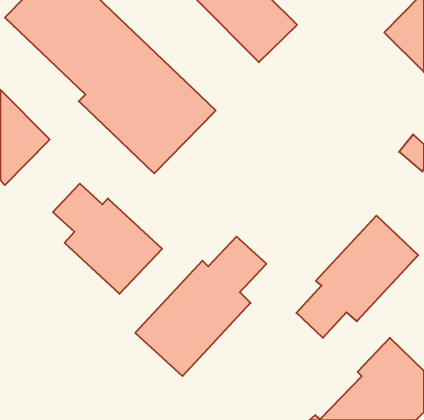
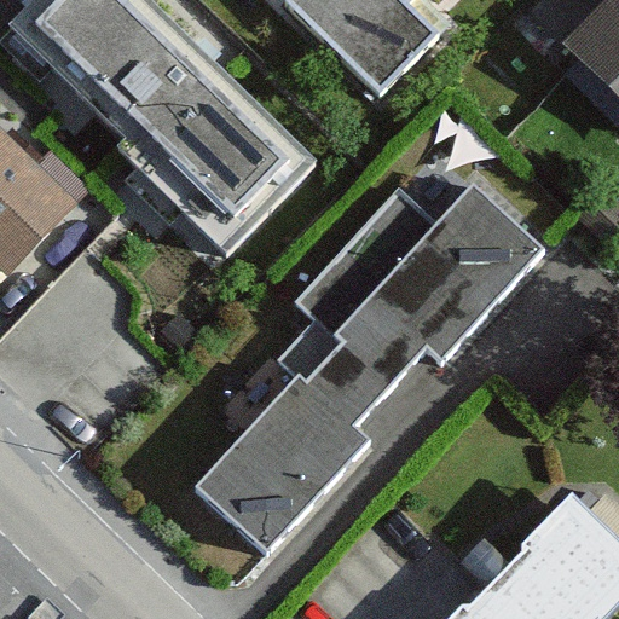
building: none -> [299,189,540,384]
building: [53,184,162,294] -> none
building: [296,216,418,338] -> none

